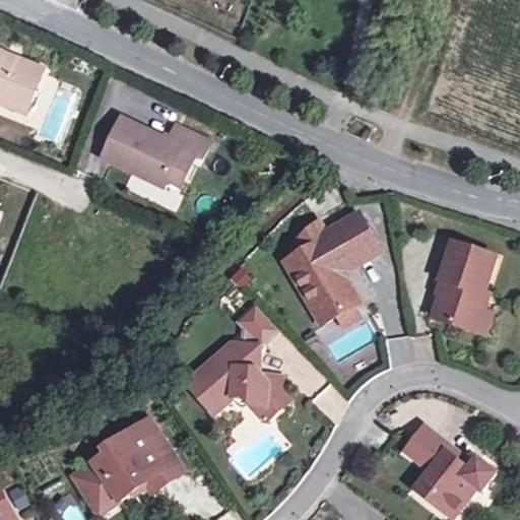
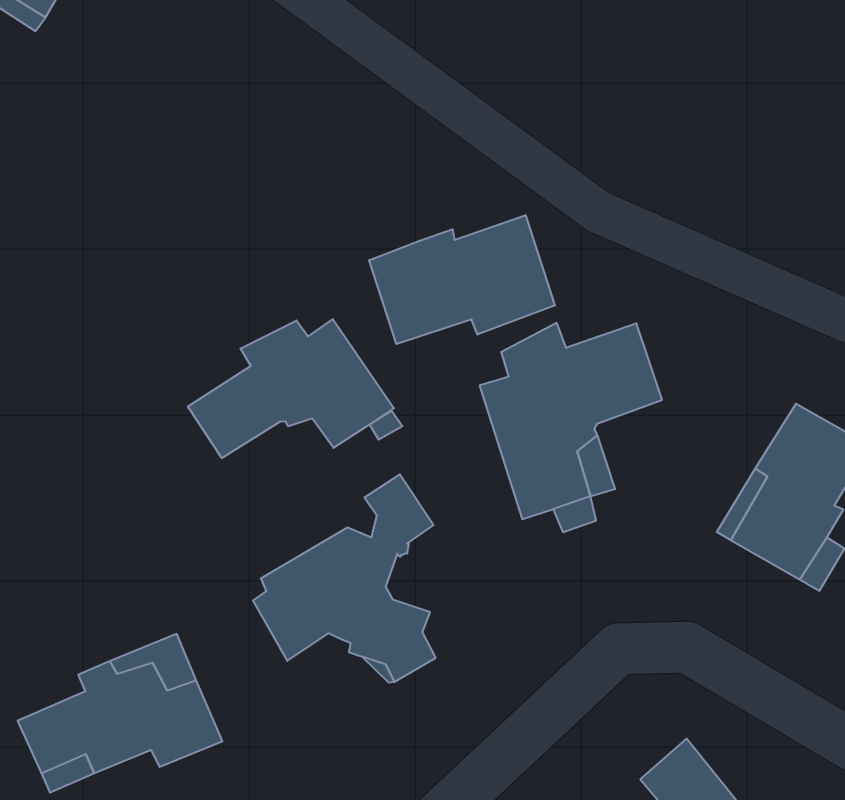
building: [100,115,206,183] -> none
building: none -> [369,215,555,344]
building: none -> [188,319,394,458]

